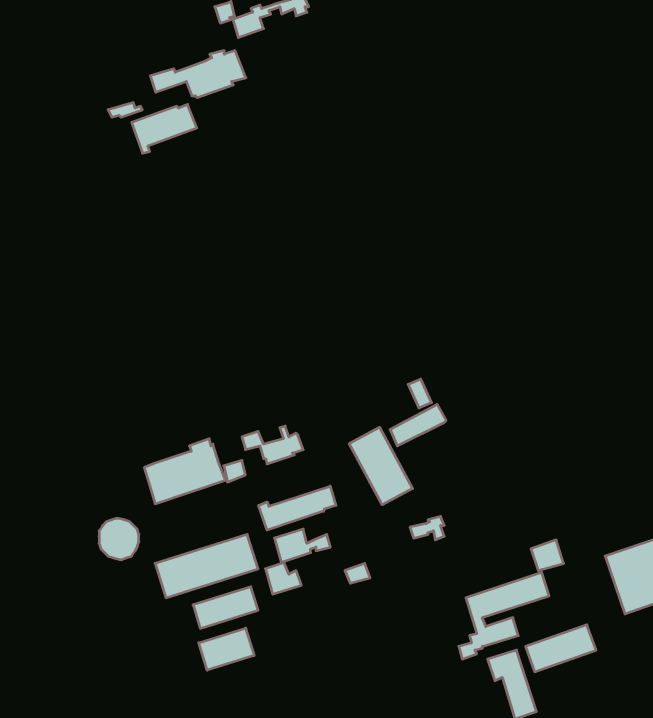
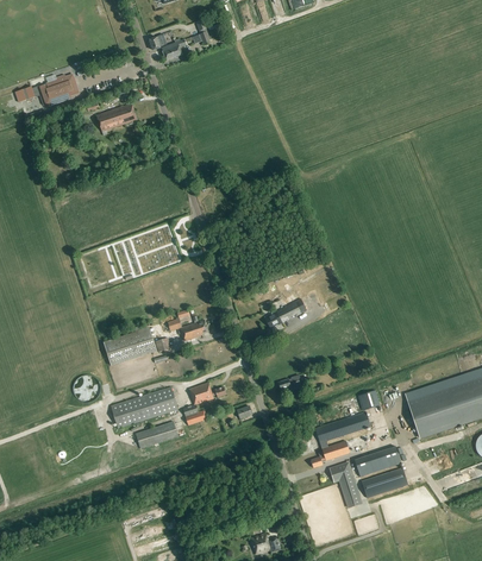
building: [150,51,246,98] -> [17,74,80,105]
building: [349,427,413,505] -> none
building: [259,486,336,530] -> none
building: [199,628,254,670] -> none
building: none -> [362,466,408,497]

